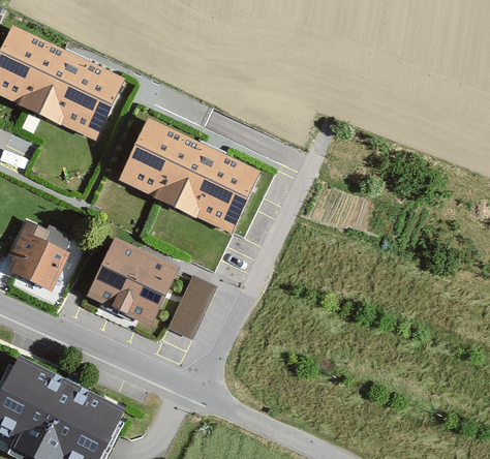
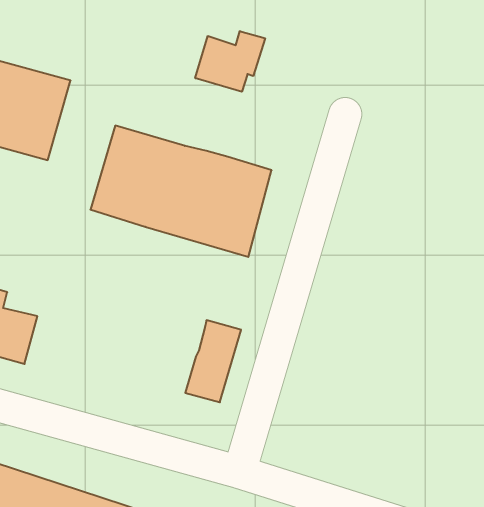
building: none -> [195,31,265,92]
building: [87,239,178,326] -> none

